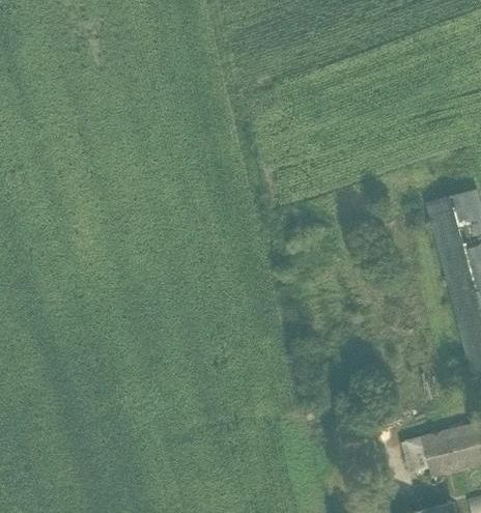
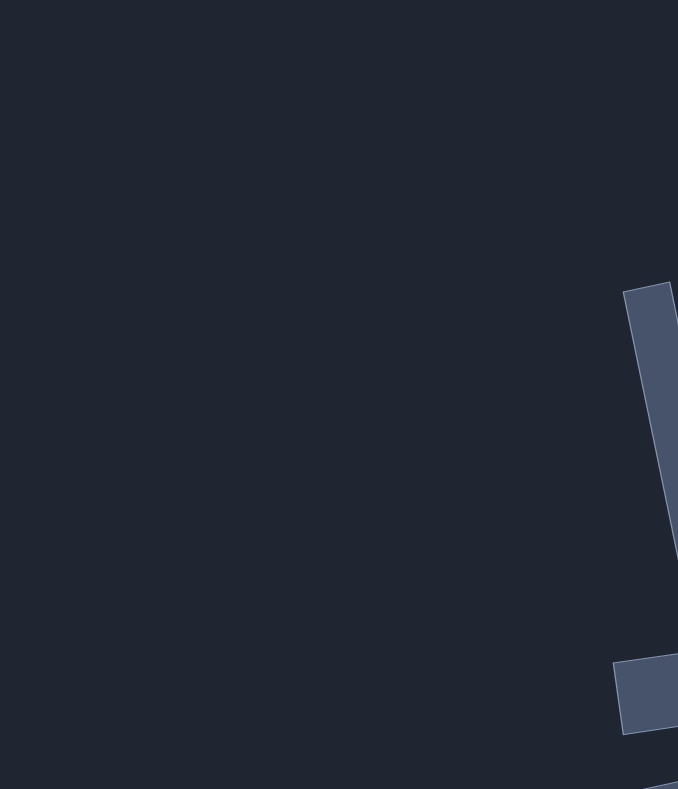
building: [403,435,431,472] -> none

